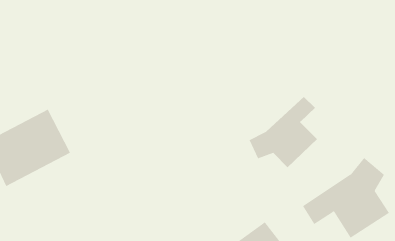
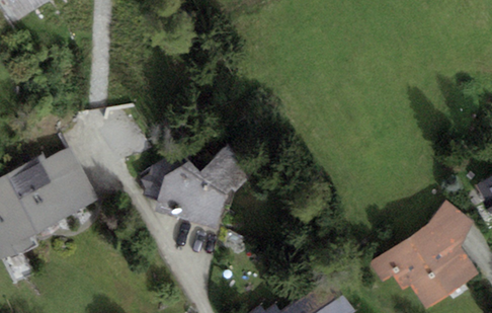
building: [249,96,318,168] -> none
building: none -> [152,148,246,227]

